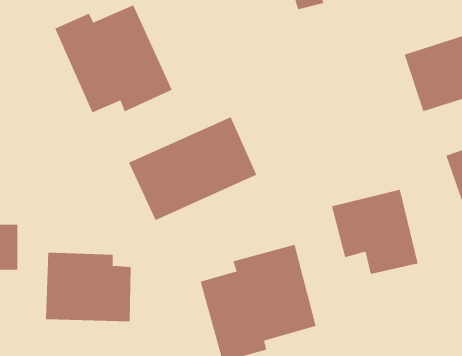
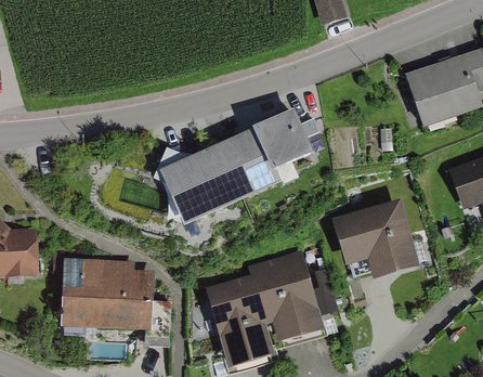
building: [55,5,172,113] -> none
building: none -> [247,110,303,173]

